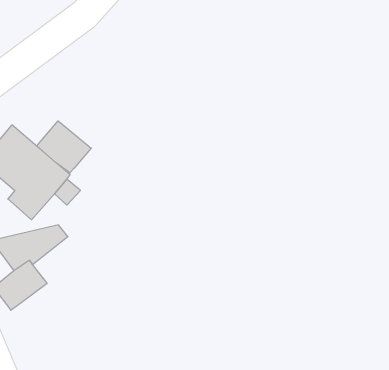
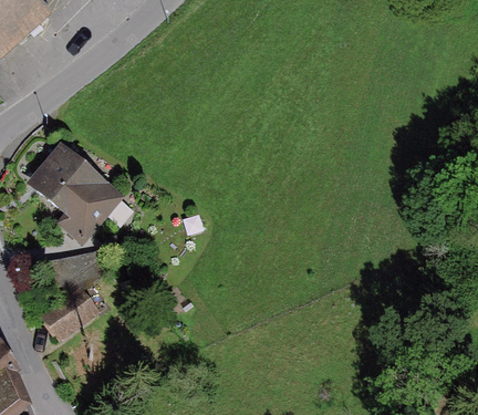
building: [37,121,91,173] -> none

